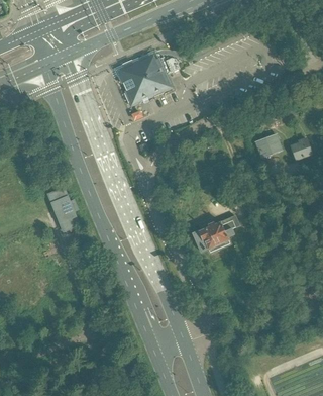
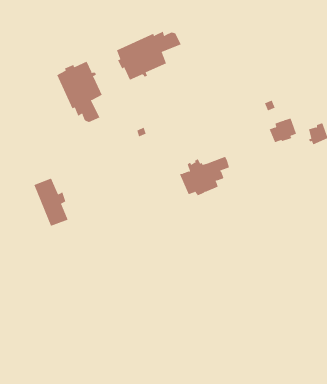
building: none -> [57,61,103,123]
building: [194,216,239,252] -> [179,156,230,196]

